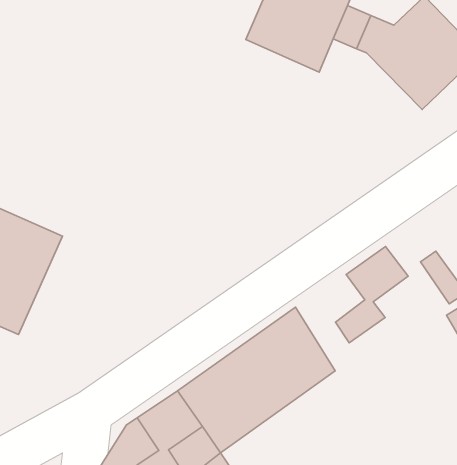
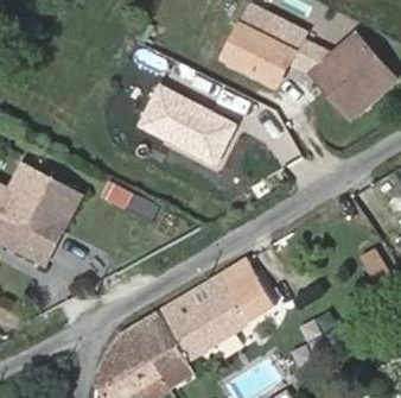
building: none -> [136,80,238,164]
building: [335,247,408,343] -> none

